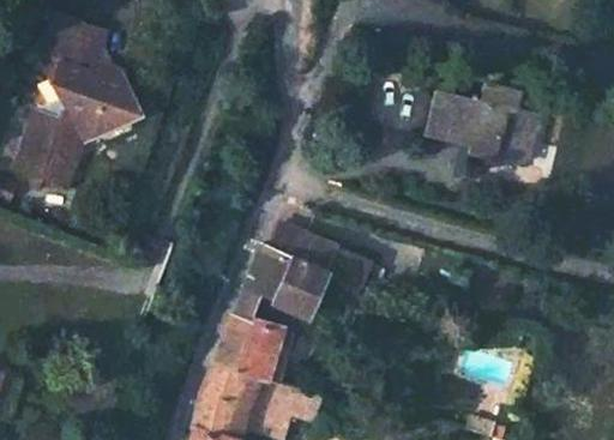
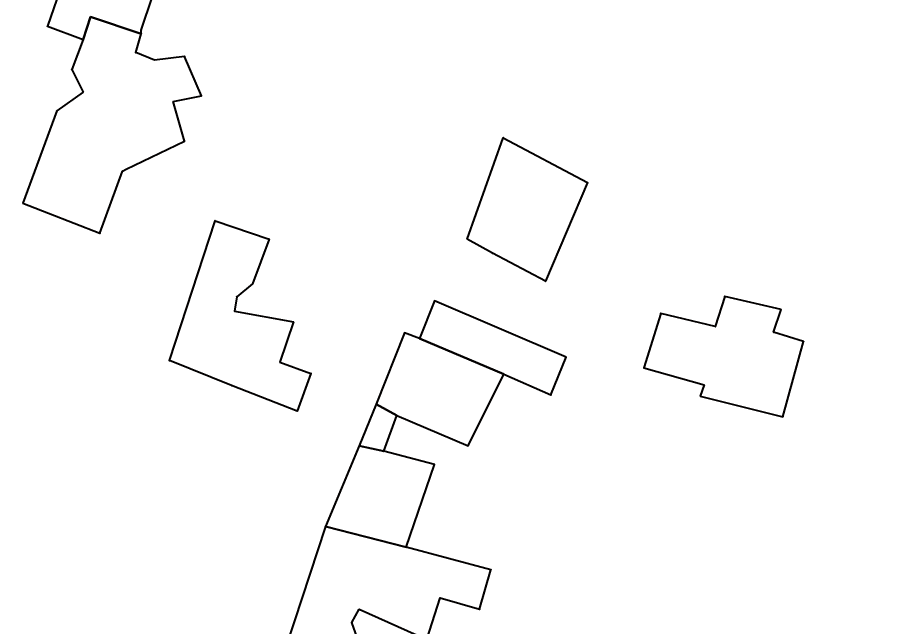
building: [435,86,537,163] -> [644,296,804,417]
building: none -> [467,138,588,281]
building: none -> [169,221,311,411]

